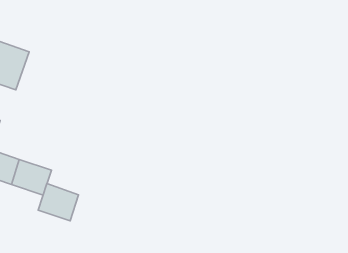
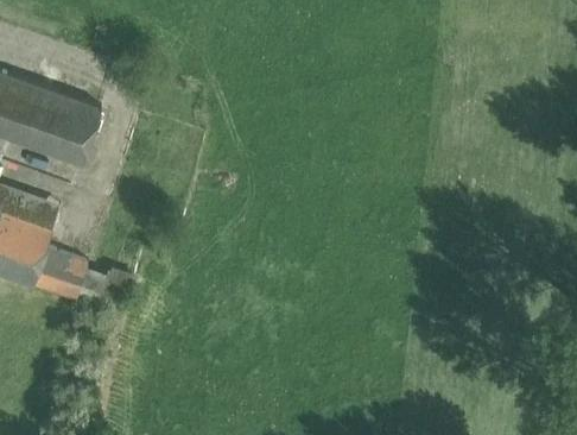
building: [38,184,78,221] -> none

